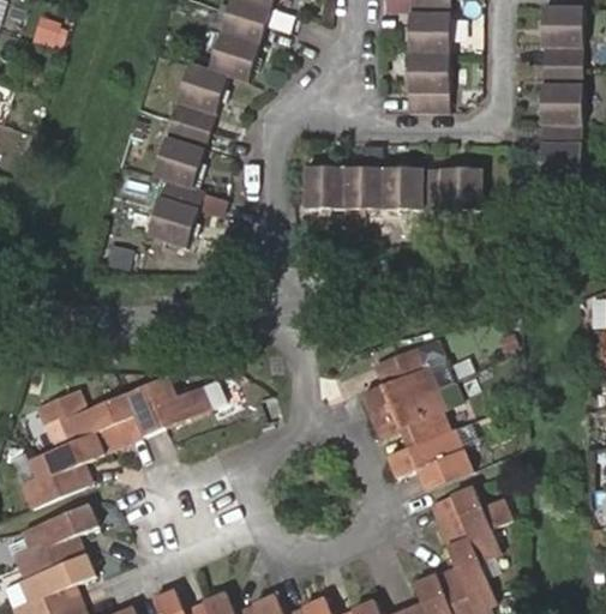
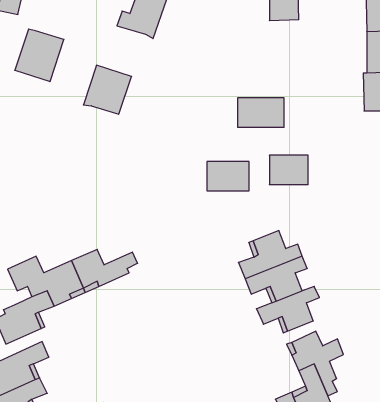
building: [406,56,446,119] -> none
building: [164,62,233,136] -> [15,29,64,82]
building: [302,165,361,206] -> [207,162,249,191]
building: [426,165,480,206] -> [269,155,308,185]
building: [137,176,205,251] -> none

